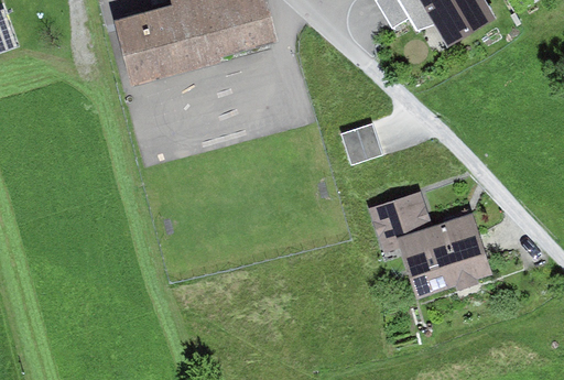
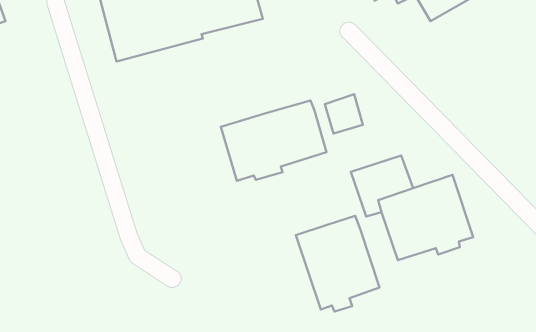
building: none -> [221,100,326,181]
building: none -> [296,216,379,312]

